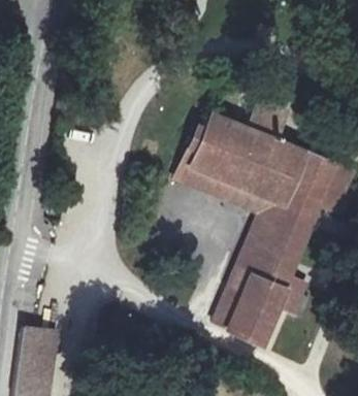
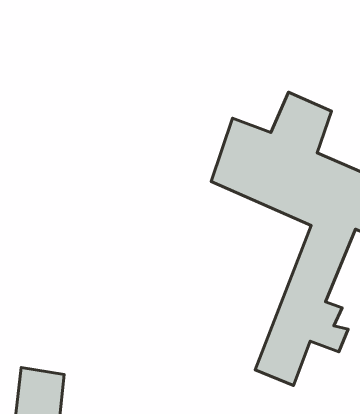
building: [184,171,280,334] -> none

